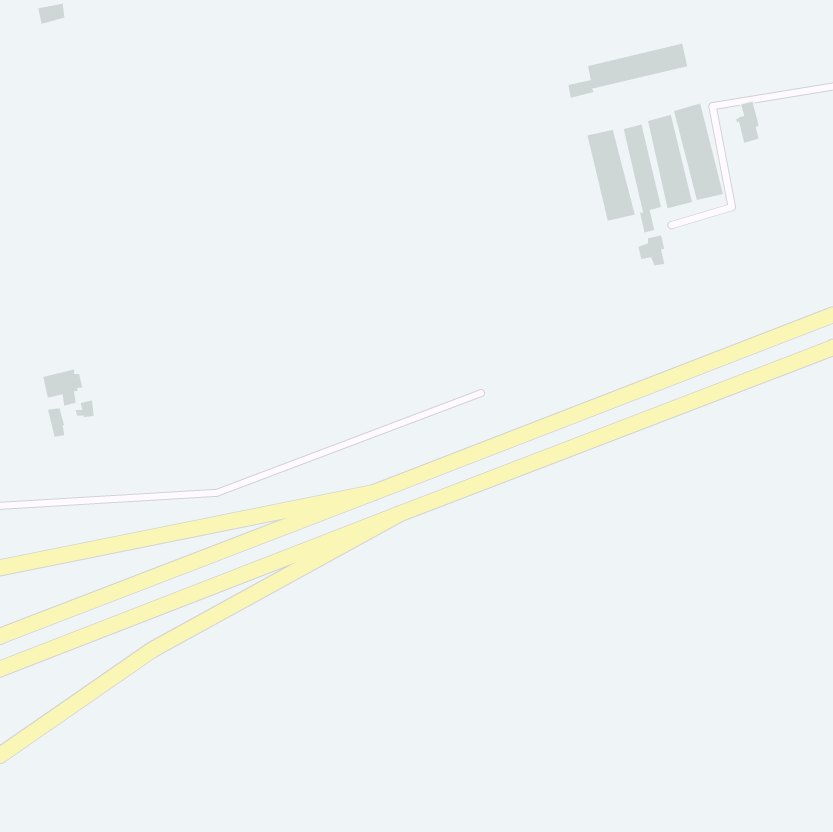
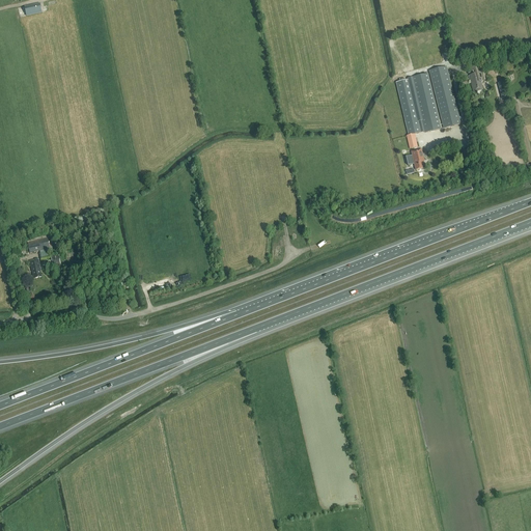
building: [568,43,688,98] -> none
building: [587,129,635,222] -> none

